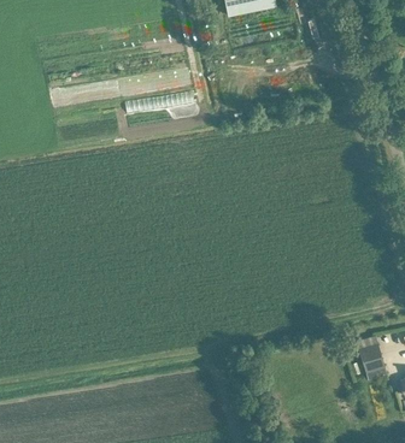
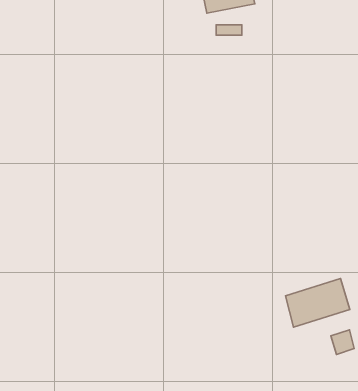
building: none -> [286,278,350,327]

